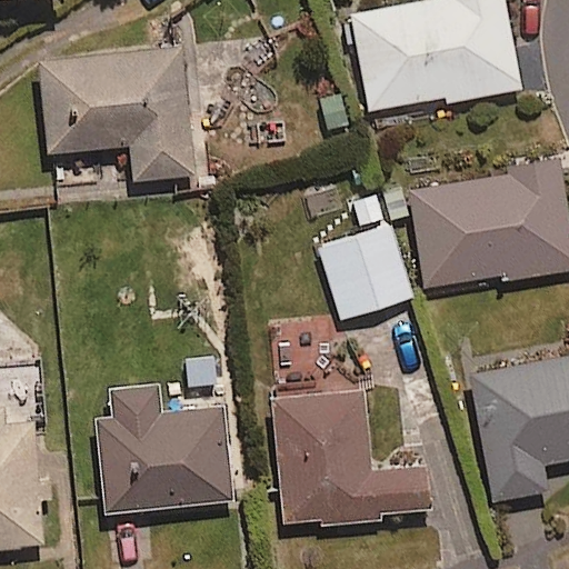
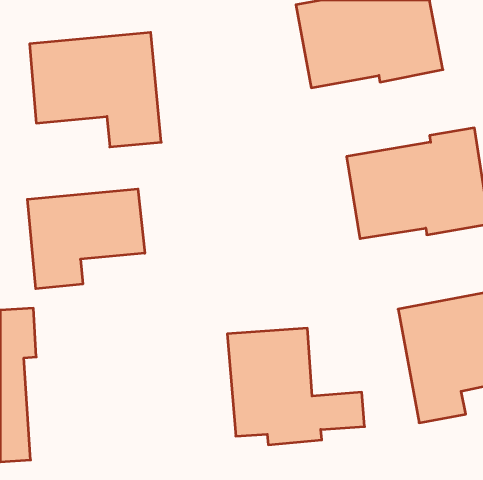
building: [319,193,411,319] -> none
building: none -> [27,189,145,289]
building: [100,386,230,510] -> none

